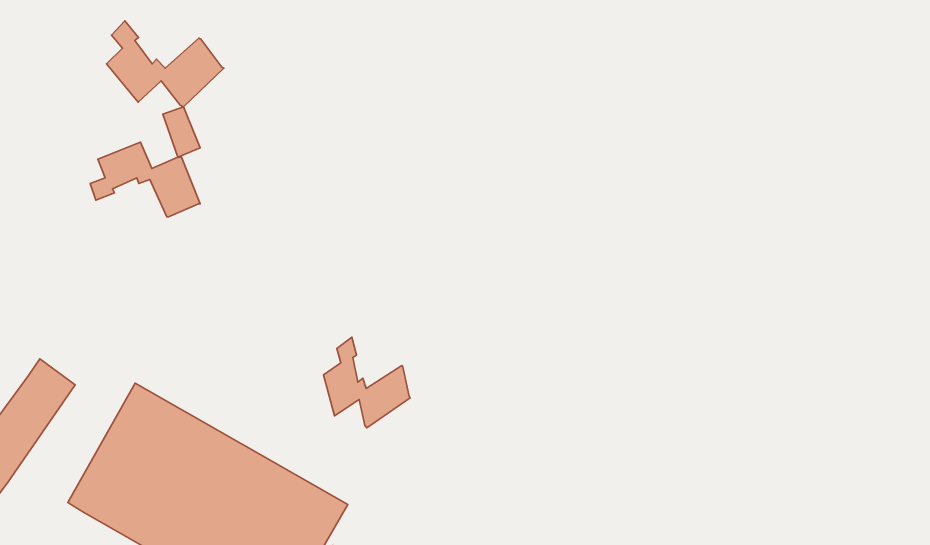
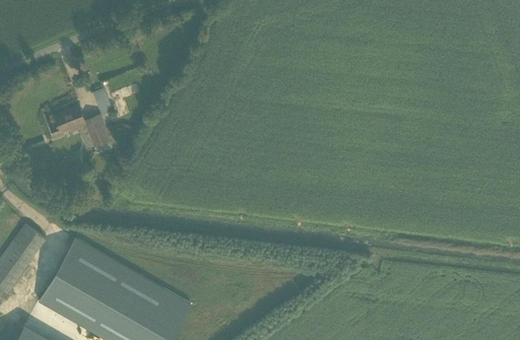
building: [106,21,224,107] -> none
building: [324,337,410,428] -> none

